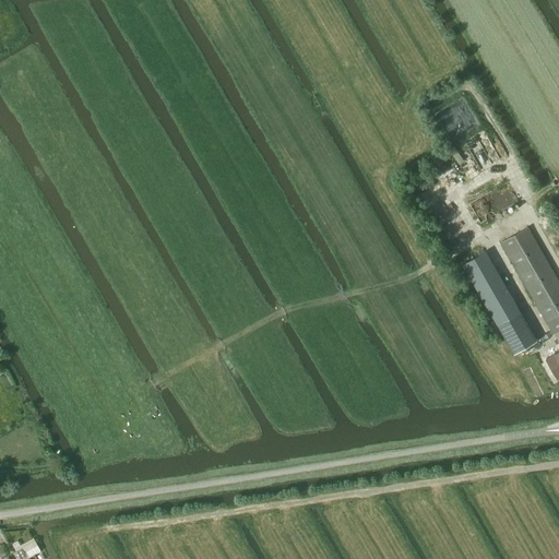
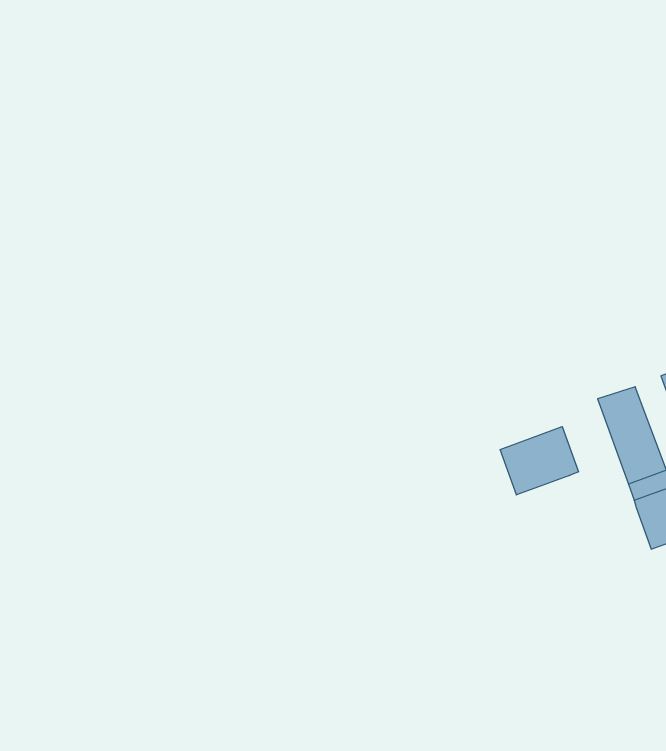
building: none -> [500,427,578,495]

